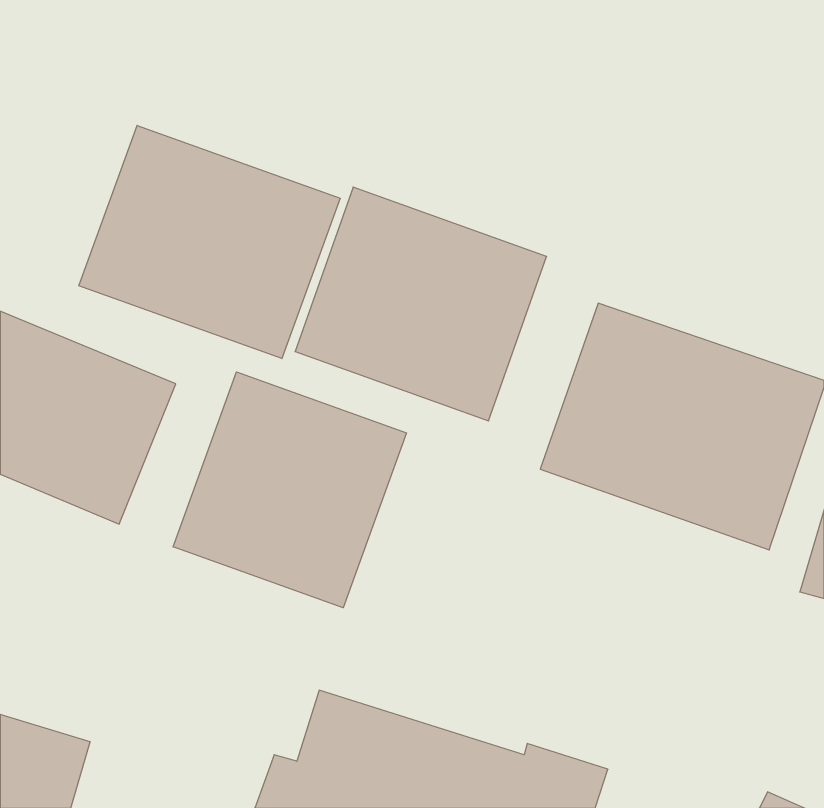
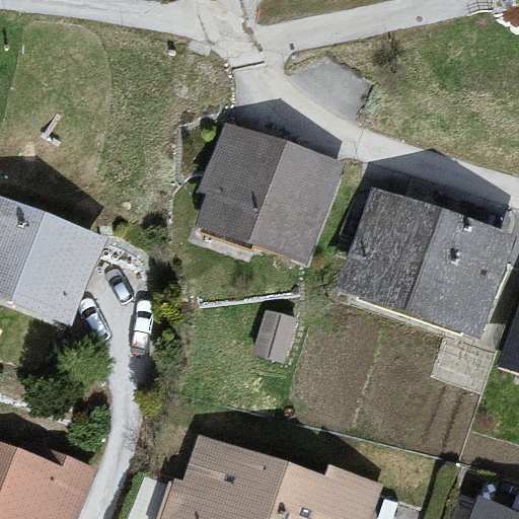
building: [79,125,340,359] -> none
building: [173,372,407,608] -> none

